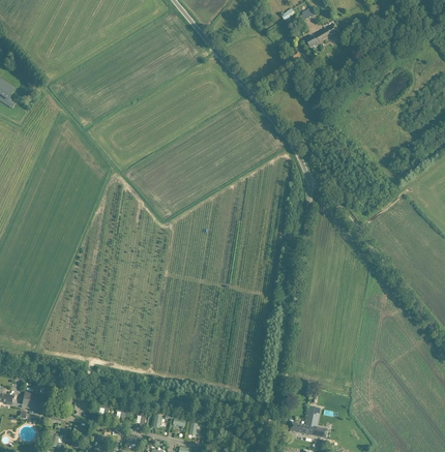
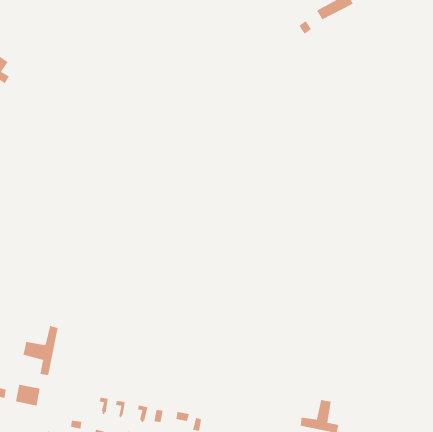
building: none -> [23,325,58,376]

